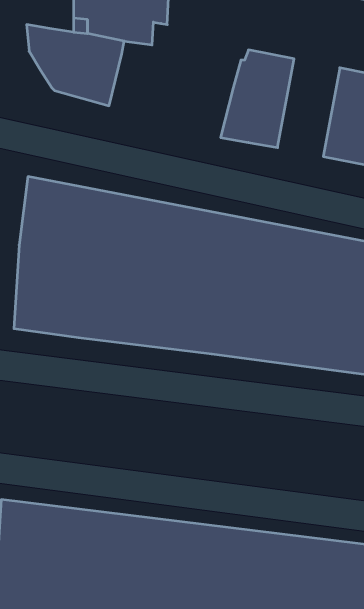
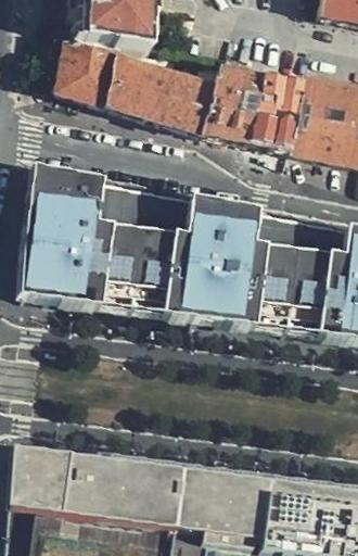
building: none -> [106,63,213,135]
building: none -> [251,67,304,151]

